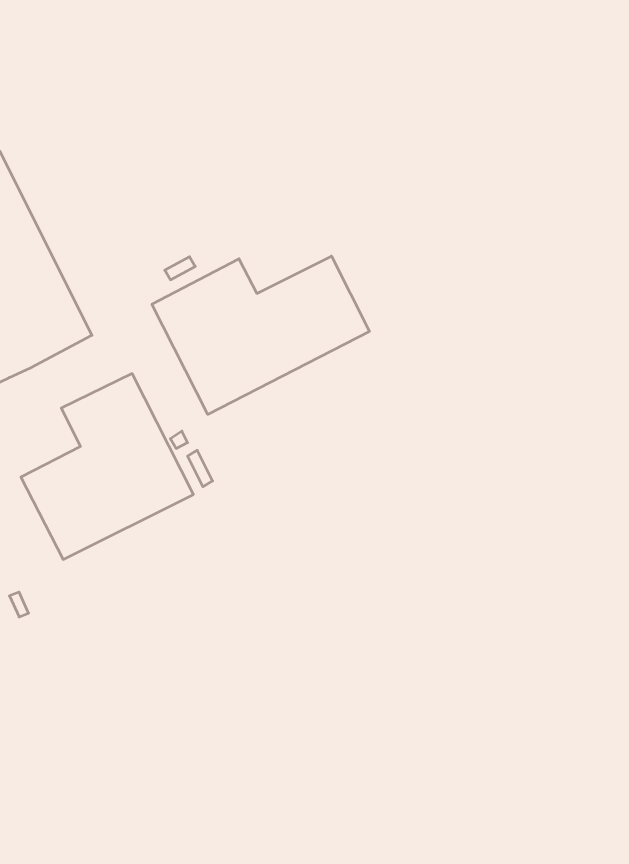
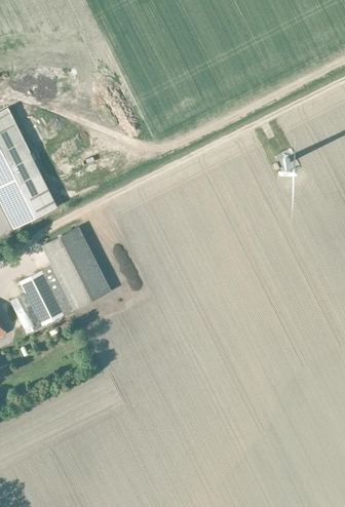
building: [152,256,369,414] -> none

